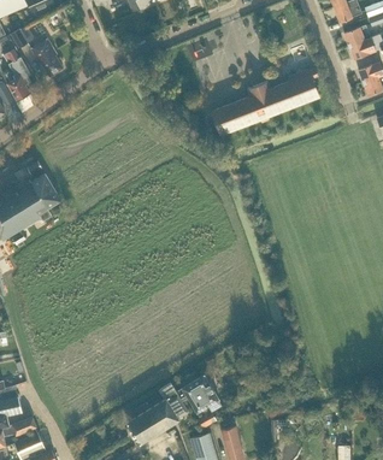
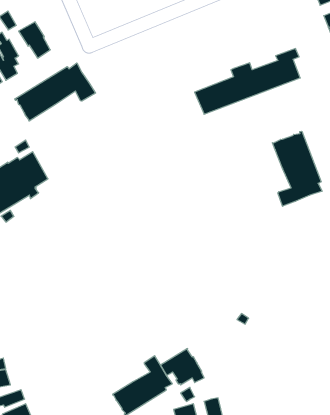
building: none -> [15,63,96,121]
building: none -> [272,131,322,206]

